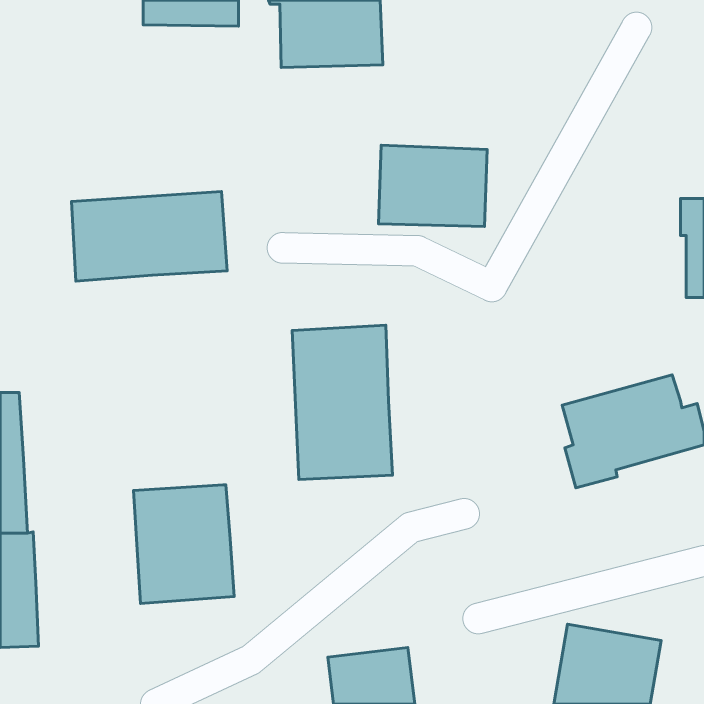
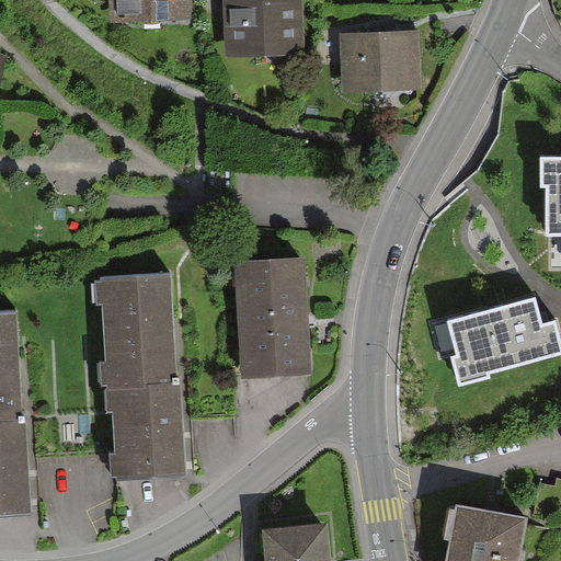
building: [378,145,487,227] -> [333,24,420,89]
building: [72,191,227,281] -> none
building: none -> [99,274,178,390]

